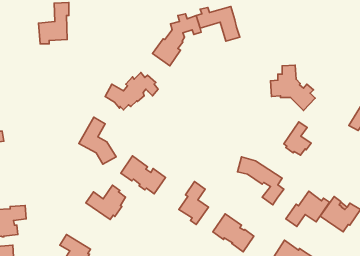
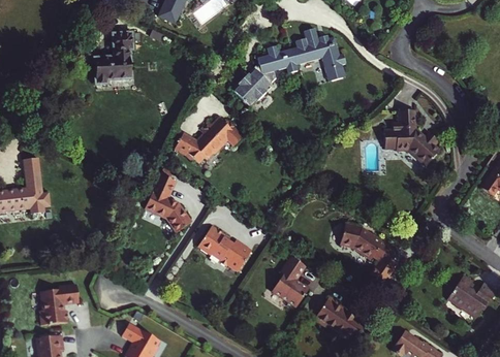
building: [284,122,311,155] -> none
building: [86,185,126,220] -> none
building: [286,191,330,227] -> none

